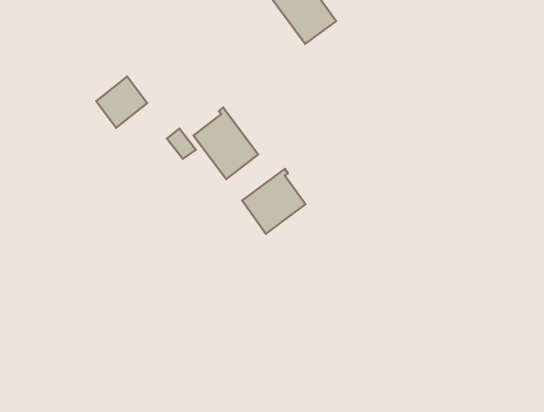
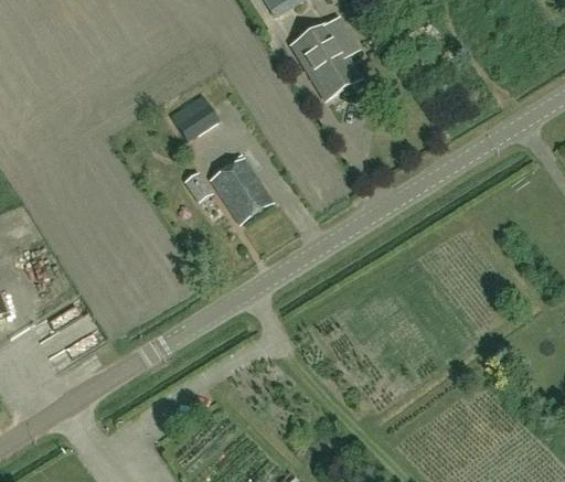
building: [96,76,147,128] -> [169,93,218,142]
building: [242,169,306,234] -> none

